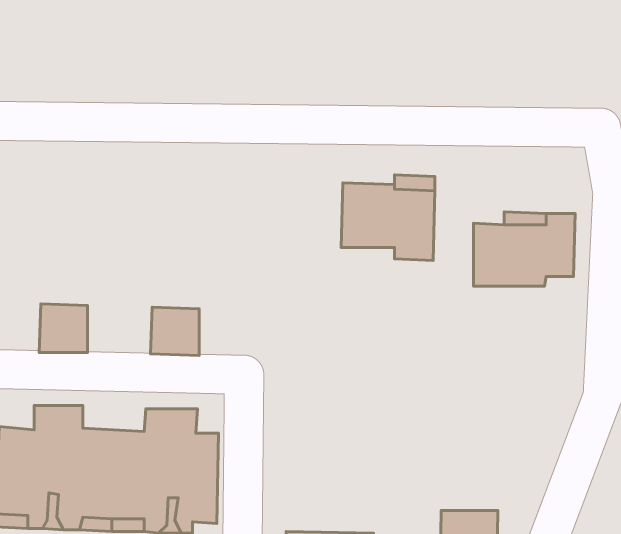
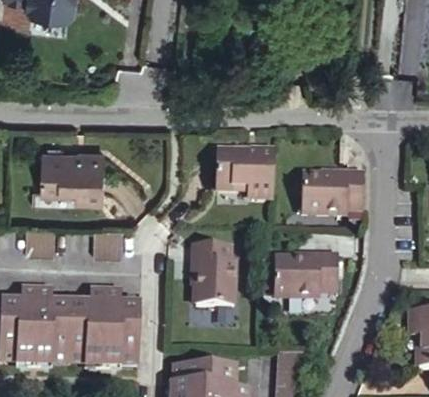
building: none -> [48,154,106,201]
building: none -> [190,242,233,308]
building: none -> [274,253,338,297]

